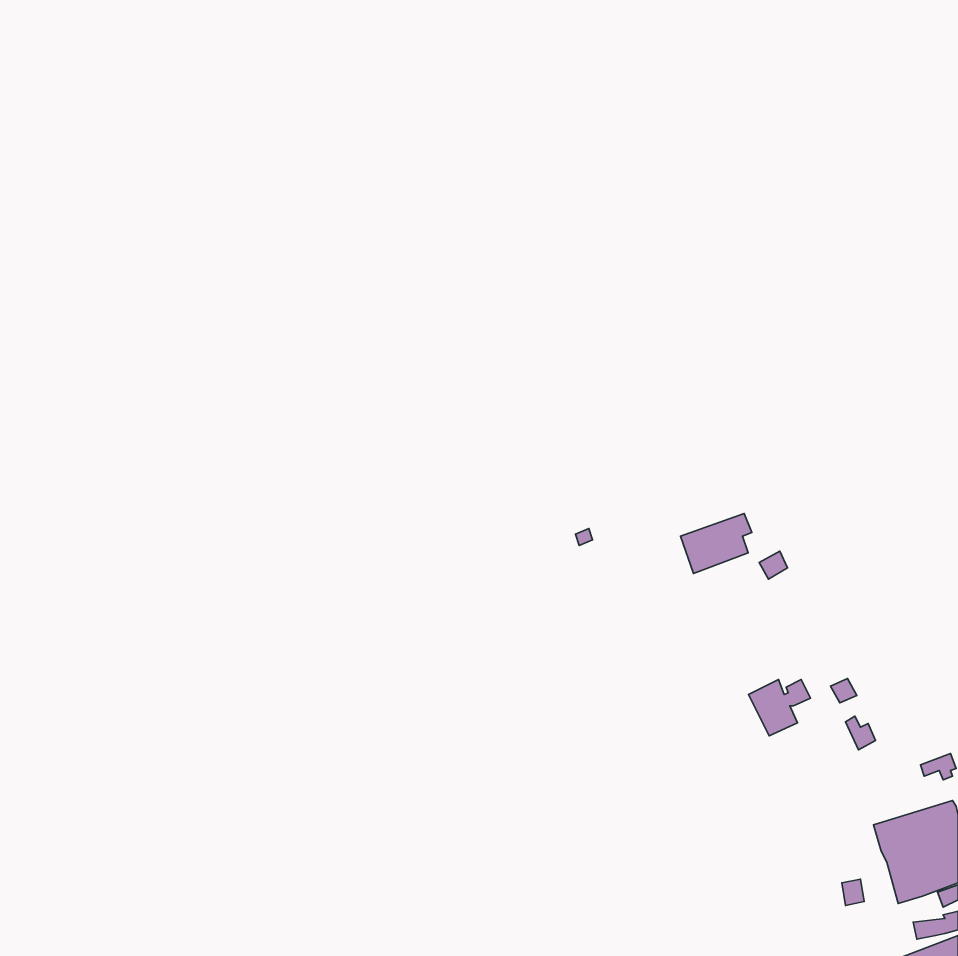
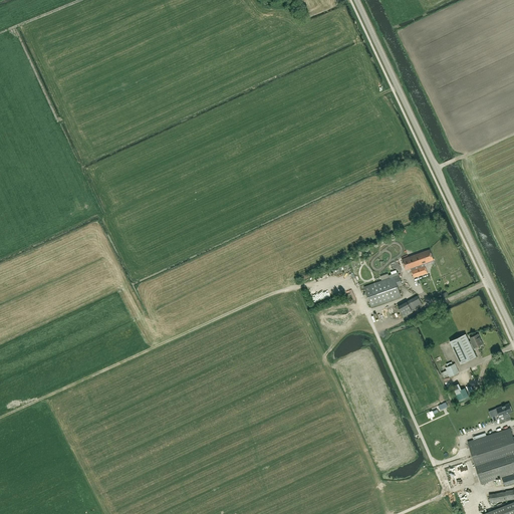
building: none -> [402,250,434,278]
building: [749,680,811,736] -> [450,334,483,364]

